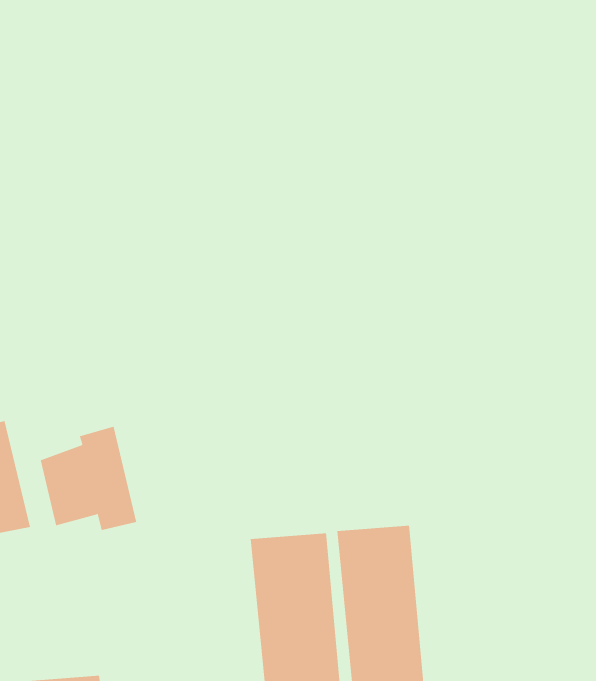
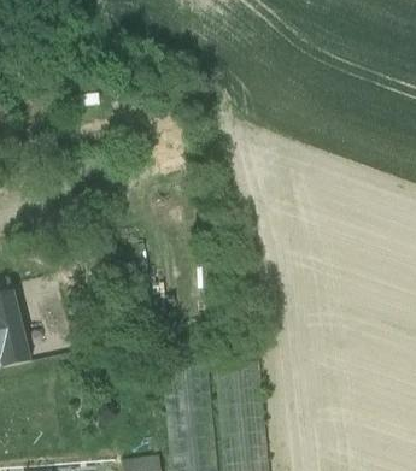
building: [40,426,137,531] -> none

